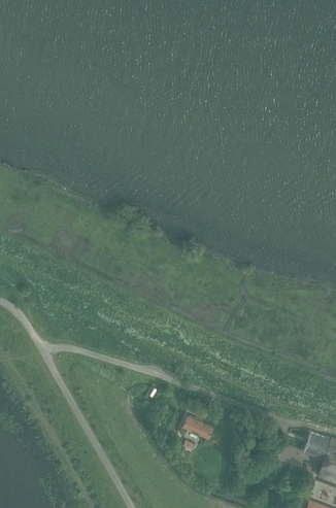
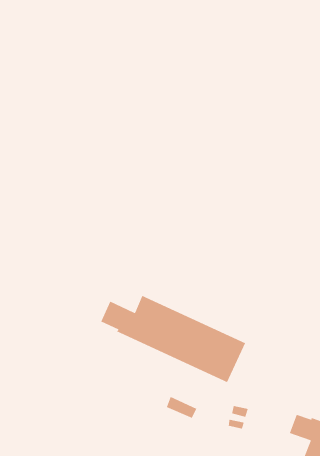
building: none -> [100,295,246,383]

